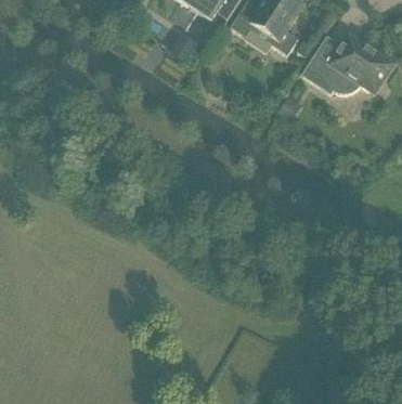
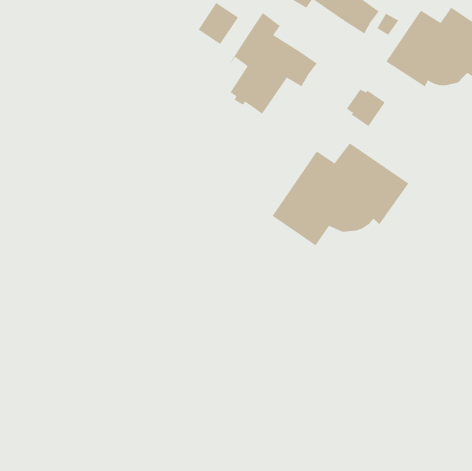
building: none -> [227,12,317,115]
building: none -> [272,142,409,246]

